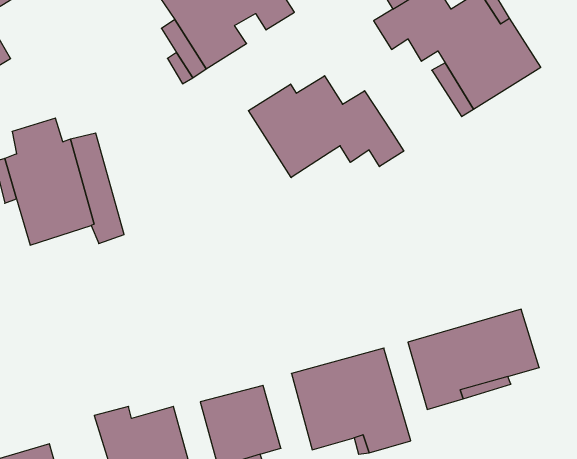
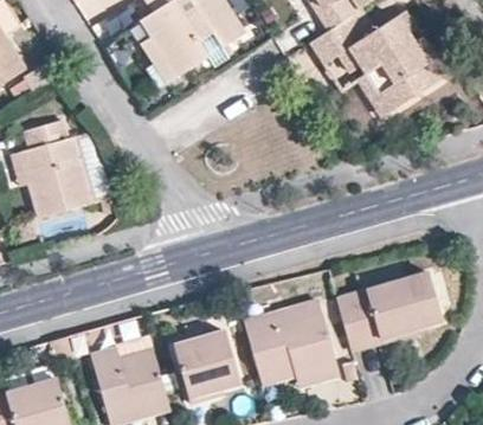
building: [248,76,404,178] -> none

